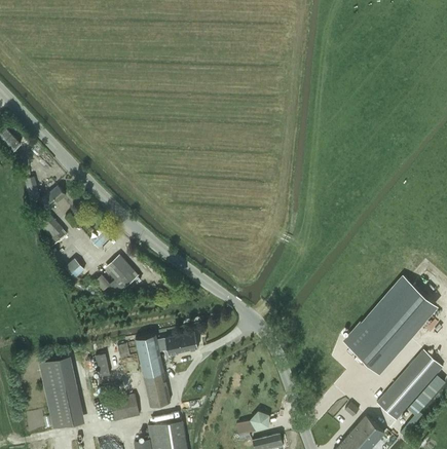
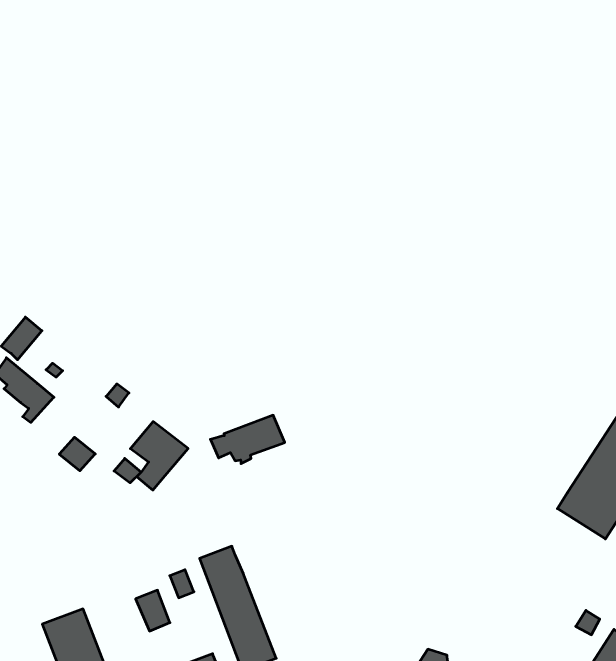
building: [156,332,198,357] -> [210,415,285,464]

